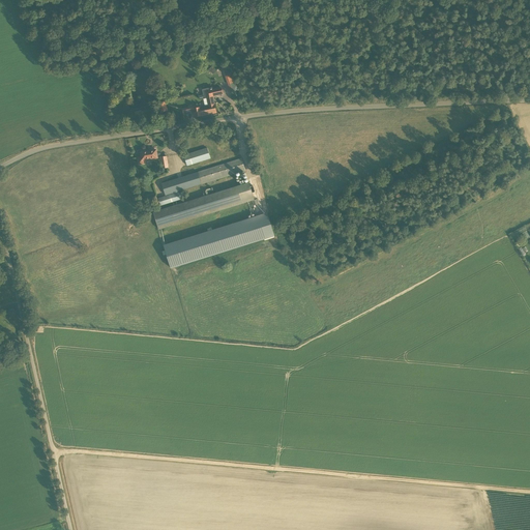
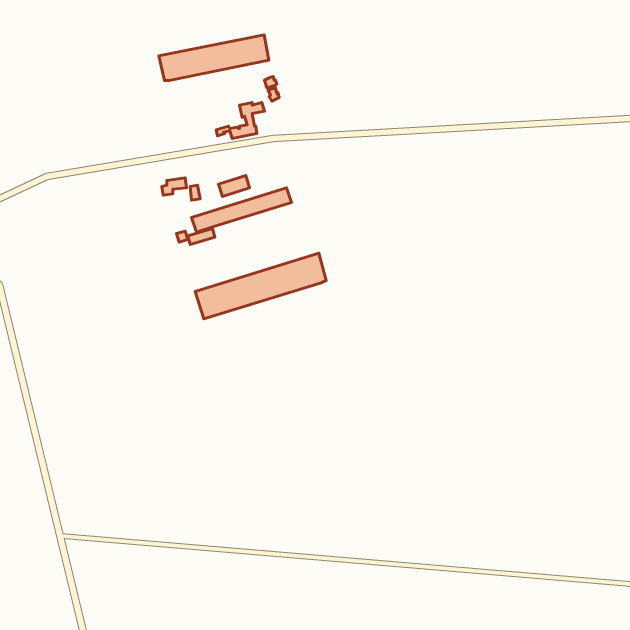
building: none -> [159,35,269,81]
building: [152,181,254,229] -> none

